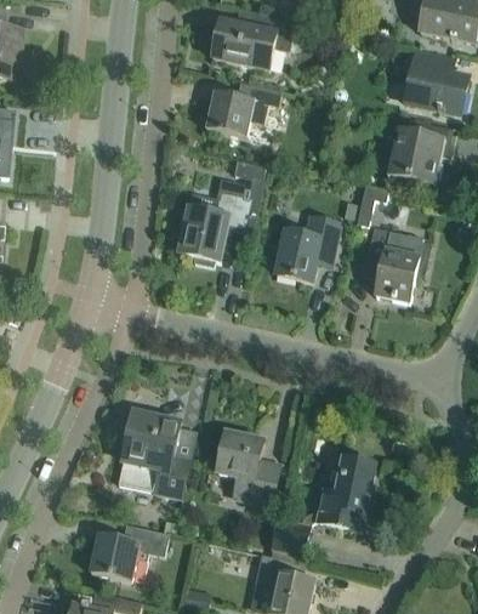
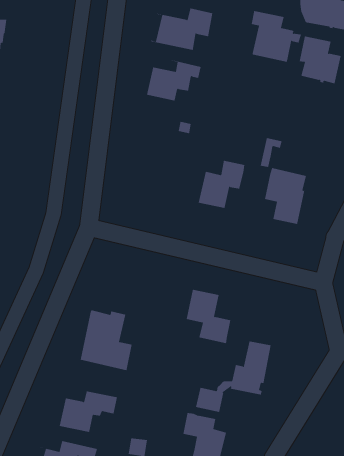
building: [386,113,454,184] -> [251,11,302,64]
building: [178,189,250,265] -> none
building: [217,431,278,504] -> [186,289,231,344]

